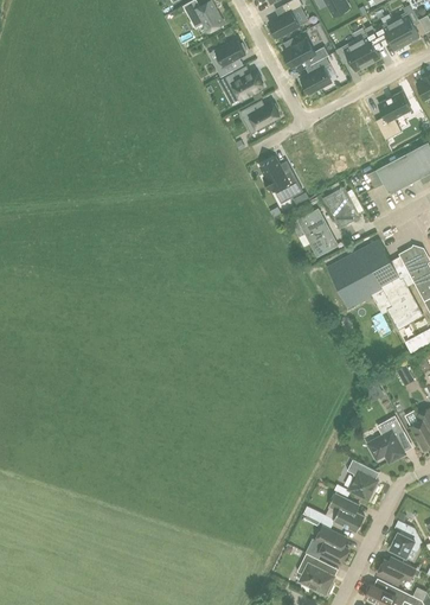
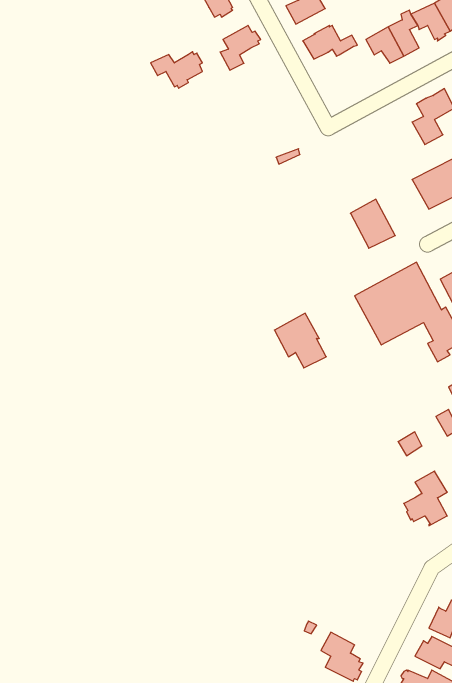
building: [300,56,332,94] -> none
building: [219,70,263,101] -> [151,52,202,88]
building: [240,102,281,129] -> none
building: [261,158,303,198] -> none
building: [293,209,336,255] -> [274,313,326,368]
building: [347,459,379,499] -> none
building: [329,492,365,531] -> none
building: [315,526,348,562] -> none

